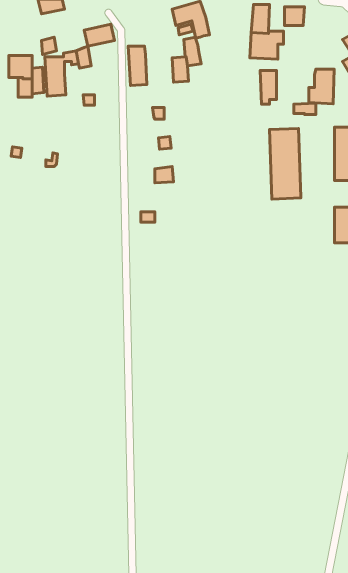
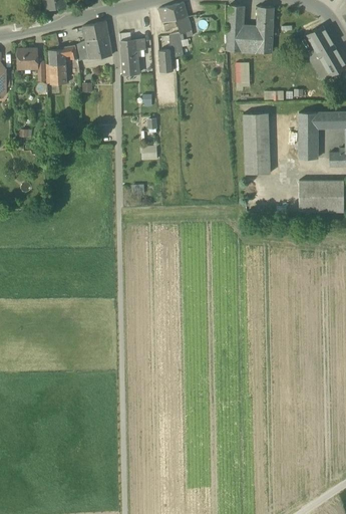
building: none -> [86,36,112,58]
building: [309,69,334,104] -> [251,23,273,53]

